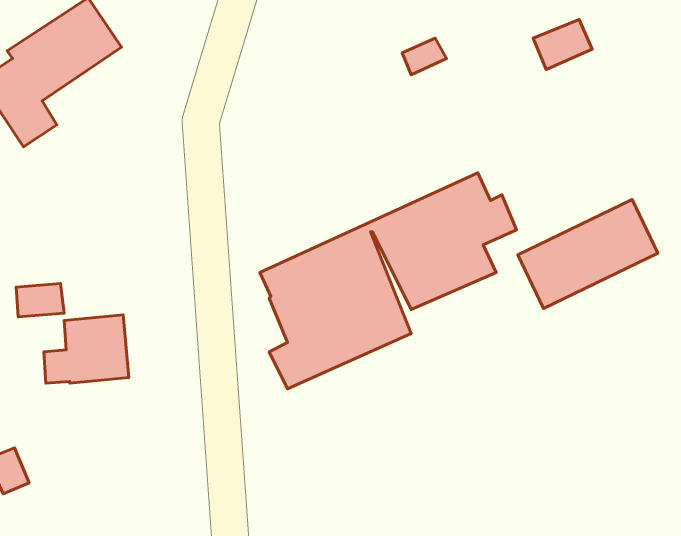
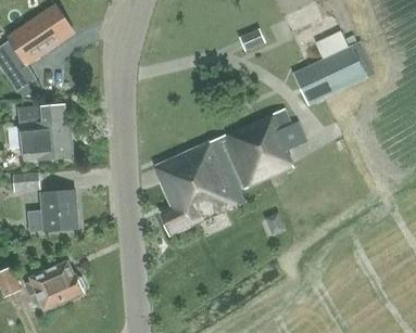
building: none -> [14,104,73,161]
building: [518,200,658,308] -> [292,40,375,104]
building: none -> [25,261,83,310]

